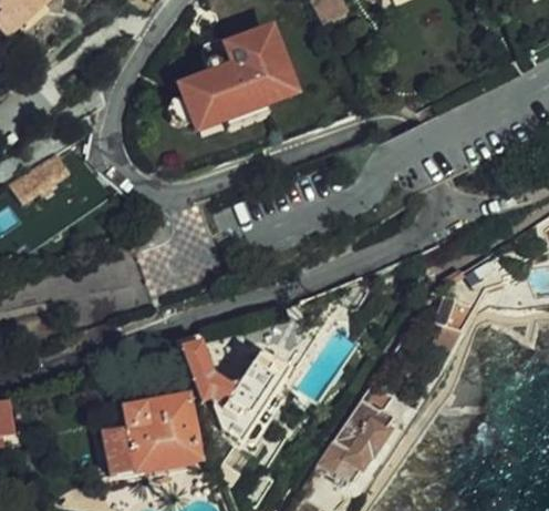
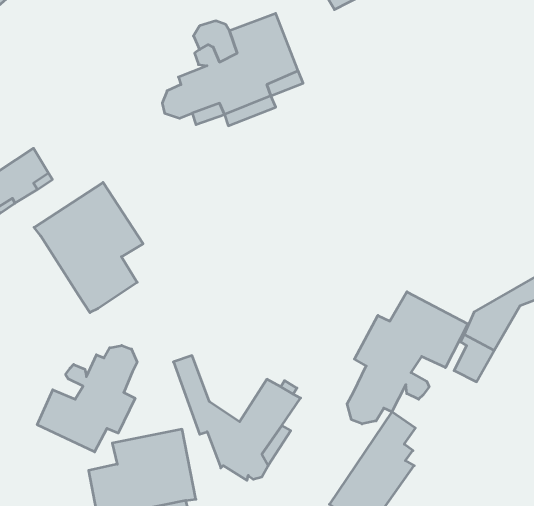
building: none -> [34,182,143,313]
building: none -> [347,292,468,424]
building: none -> [37,345,137,452]

